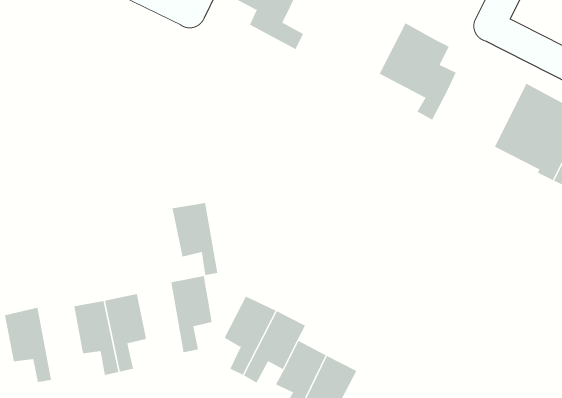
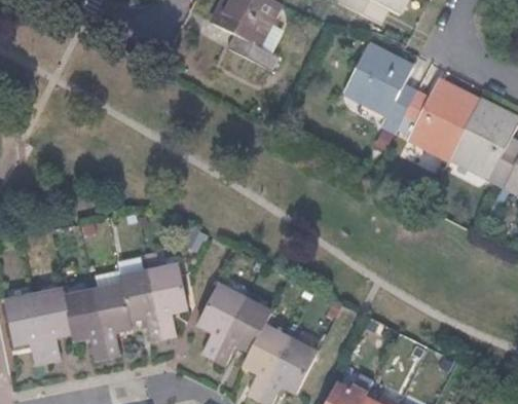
building: none -> [406,79,475,155]
building: [172,202,218,275] -> [124,278,166,343]
building: none -> [36,294,75,366]

